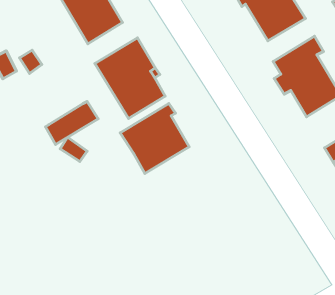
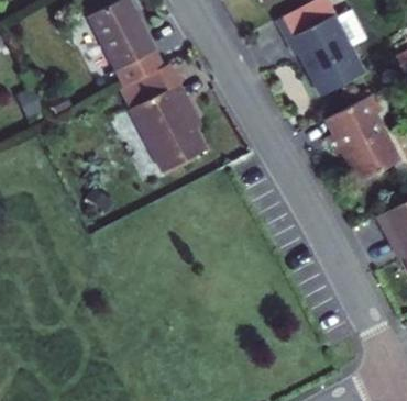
building: [46,101,98,144] -> [120,64,178,109]
building: [120,103,189,174] -> none

